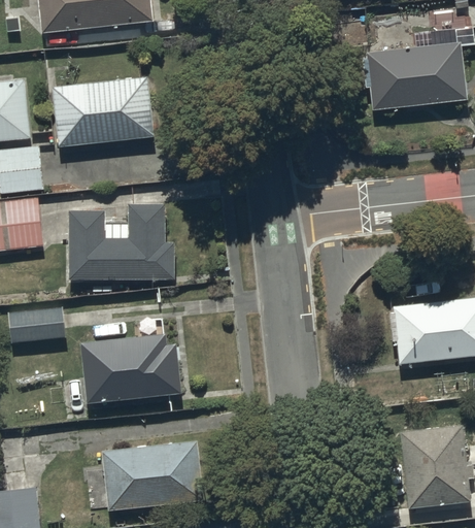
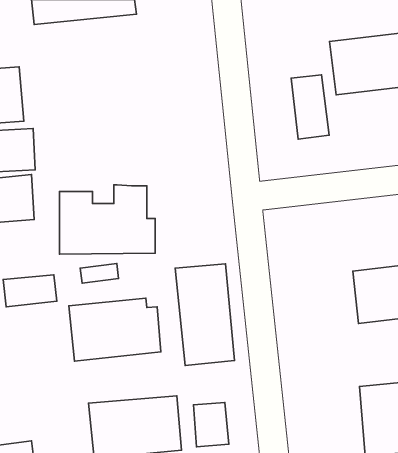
building: [52,76,154,146] -> none
building: none -> [291,75,329,139]
building: none -> [175,264,234,366]
building: none -> [193,402,229,447]

